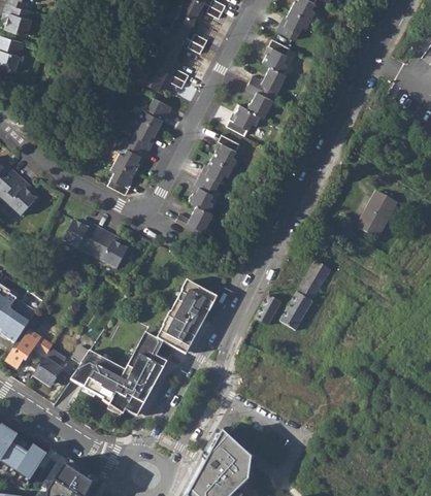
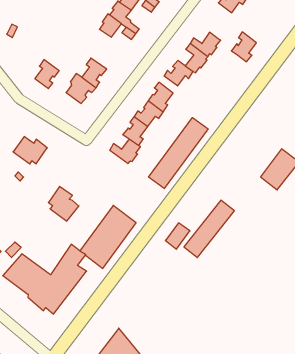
building: [264,38,292,72] -> [231,32,256,62]
building: [138,97,172,127] -> none
building: [108,161,135,194] -> [35,60,59,89]
building: none -> [149,118,208,189]
building: [93,229,129,268] -> [48,186,79,221]

